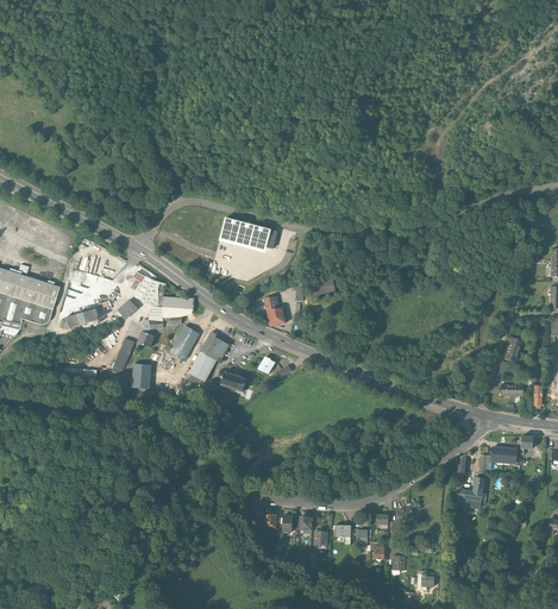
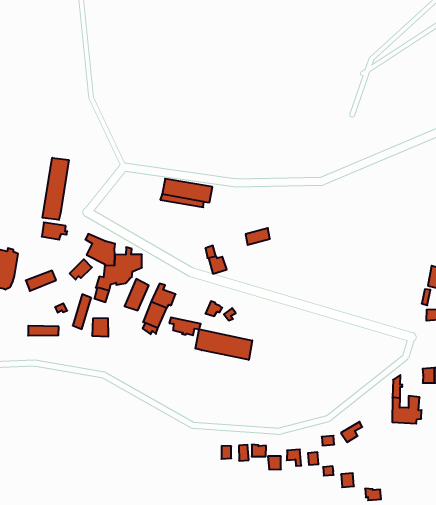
building: none -> [42,158,69,220]
building: none -> [195,329,252,360]

